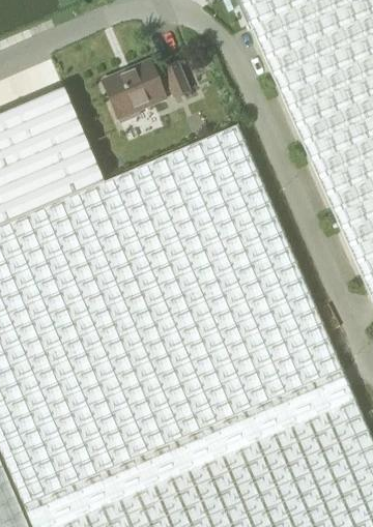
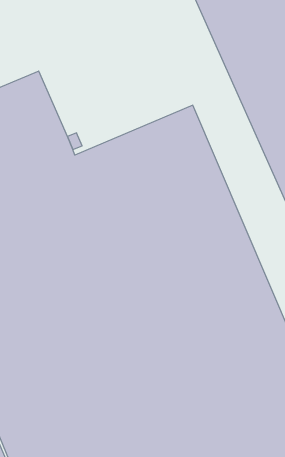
building: [102,62,189,123] -> none

